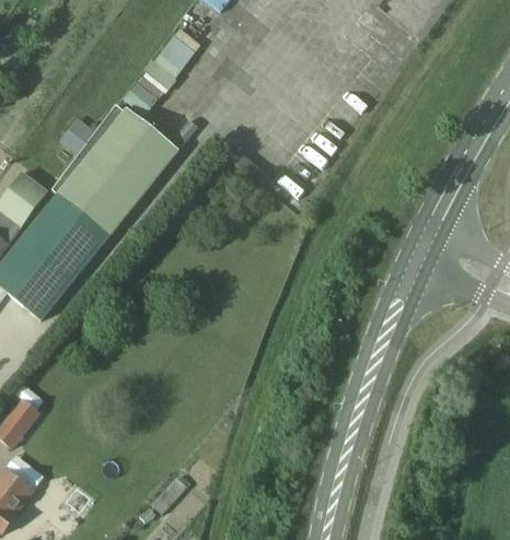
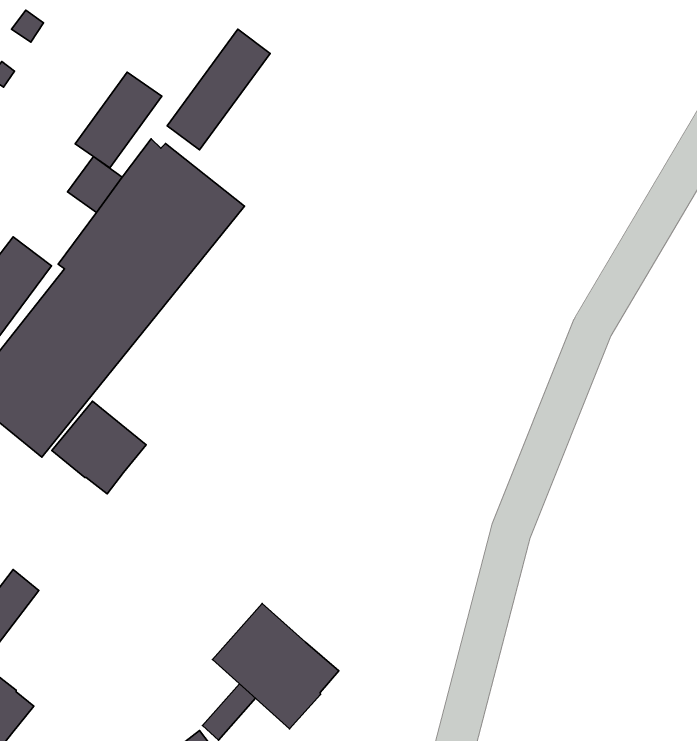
building: none -> [75,72,162,168]
building: none -> [52,401,146,494]
building: none -> [213,603,339,729]

